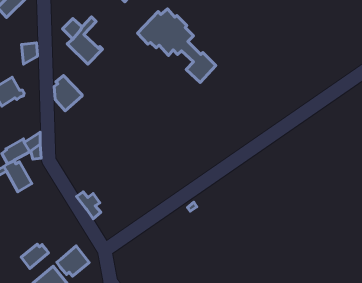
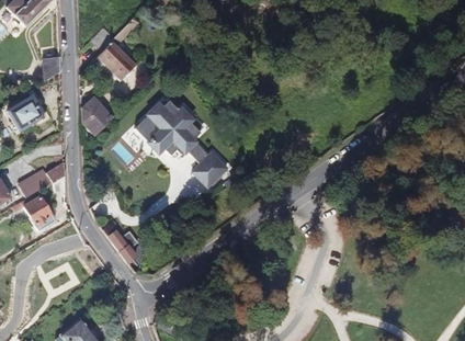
building: [138,9,216,82] -> [135,101,227,187]
building: [21,244,48,268] -> none
building: [57,246,89,276] -> none

